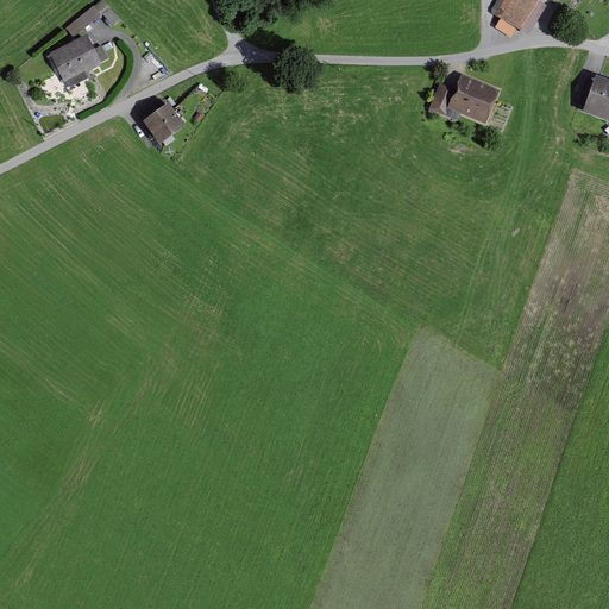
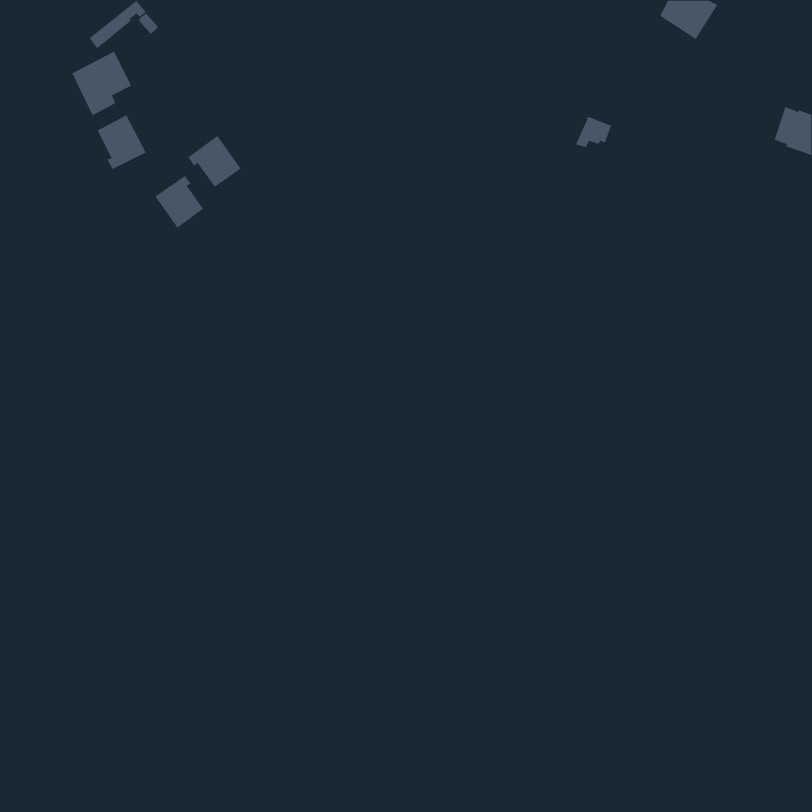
building: [453,81,494,119] -> none
building: none -> [97,115,146,170]
building: none -> [154,175,204,228]

